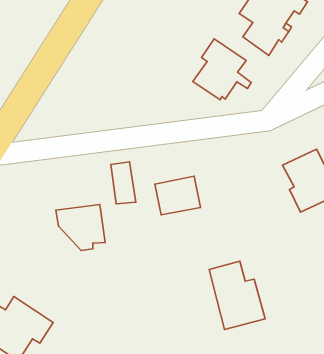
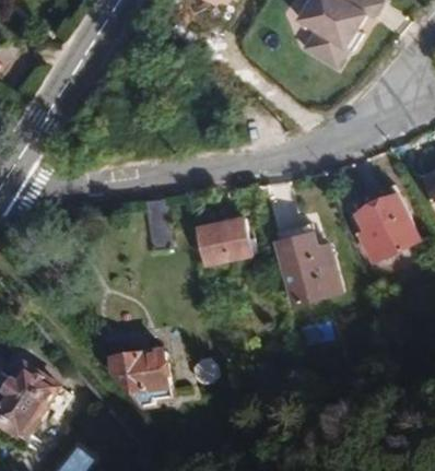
building: [193,39,251,100] -> none
building: [56,205,105,251] -> [111,352,172,408]
building: [209,261,265,330] -> [275,222,343,305]

